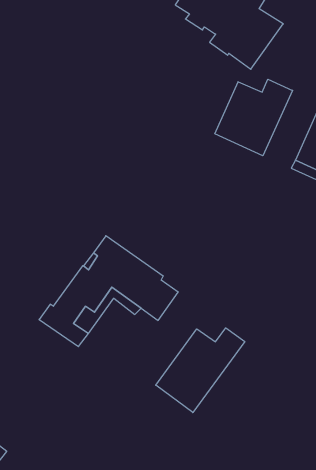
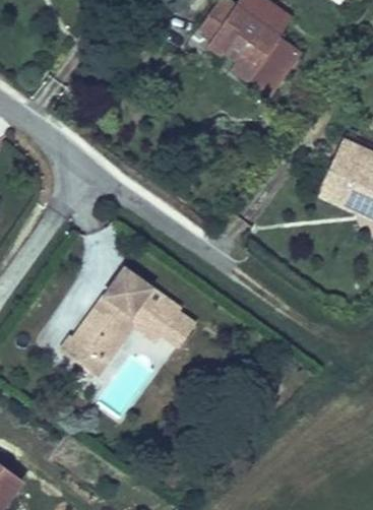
building: [215,79,293,156] -> none
building: [156,328,245,413] -> none

